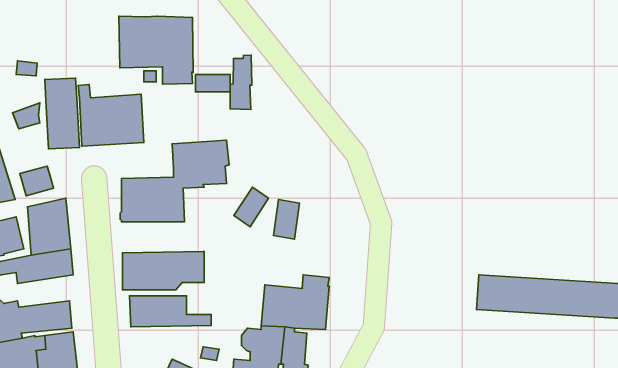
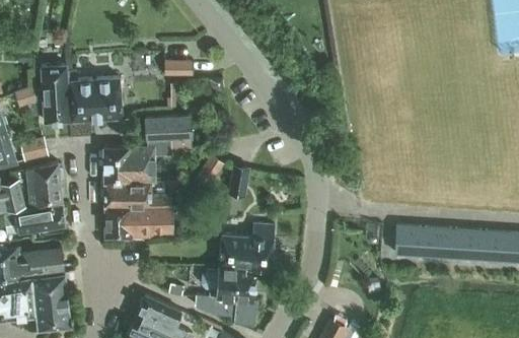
building: [119,16,193,84] -> none
building: [230,55,252,109] -> none
building: [129,296,211,327] -> [103,183,170,208]

